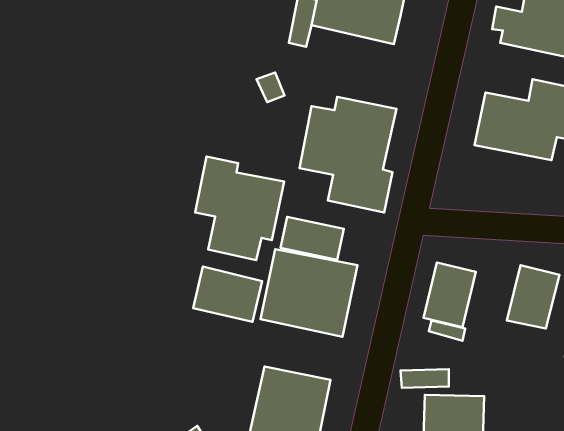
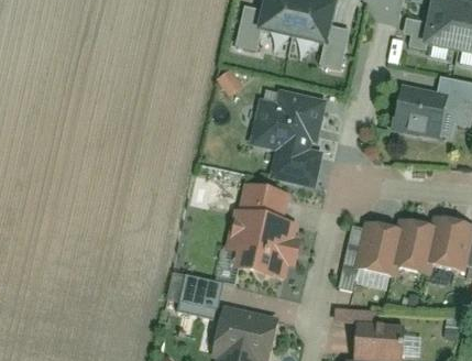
building: none -> [323,21,354,67]
building: [195,156,284,260] -> none
building: none -> [386,223,429,276]
building: [193,266,262,322] -> [165,274,221,319]

